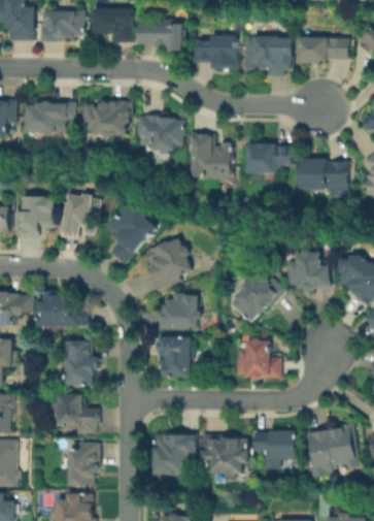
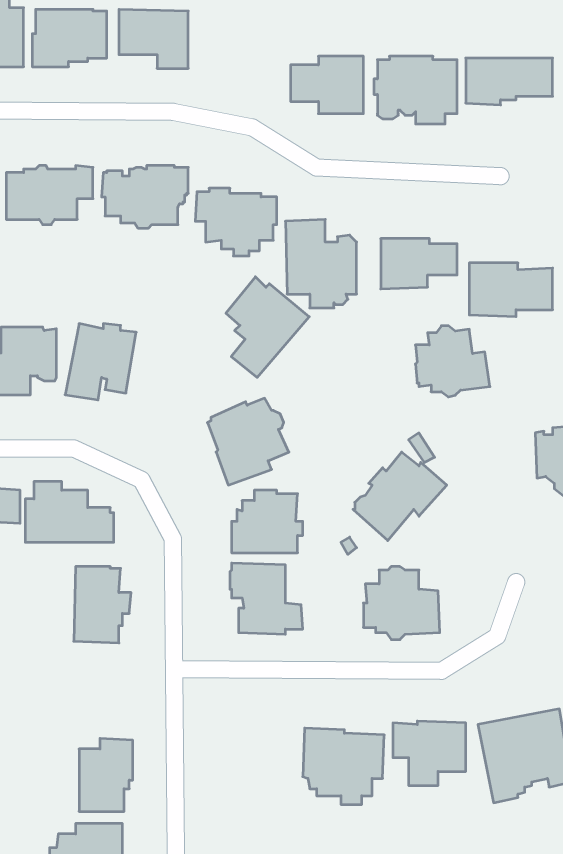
building: [136,18,185,51] -> none
building: [107,204,157,264] -> [226,277,309,377]
building: [287,250,332,292] -> [415,326,490,397]
building: [54,391,98,432] -> none
building: [154,432,197,477] -> none

